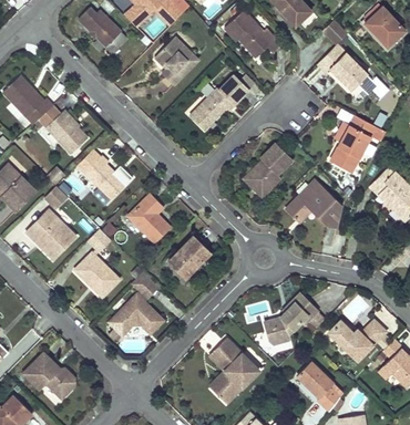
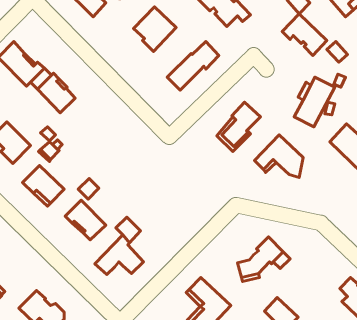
building: [84,157,129,200] -> none
building: [127,194,171,243] -> none
building: [167,236,209,278] -> none
building: [329,320,386,360] -> none

